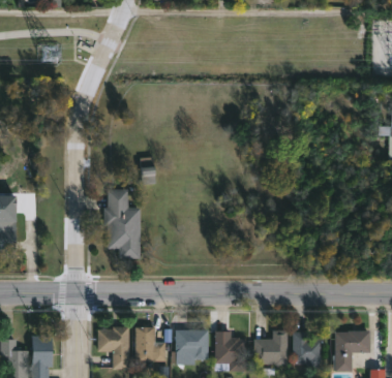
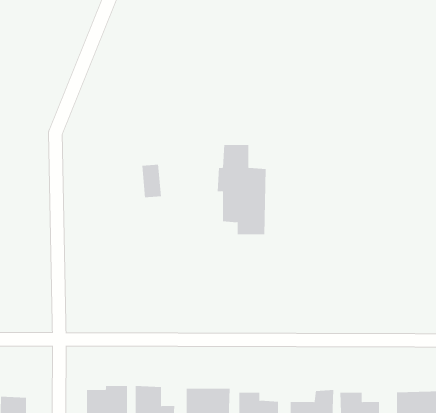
building: [102,189,141,258] -> [217,144,267,235]

